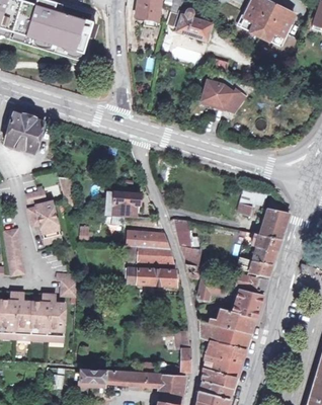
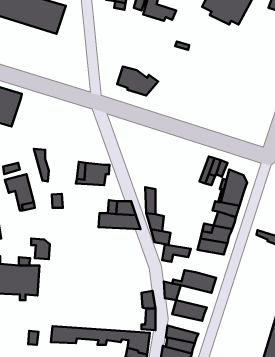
building: [202,81,246,112] -> [117,66,158,95]
building: [126,267,181,286] -> none
building: [234,289,263,316] -> none
building: [213,324,251,348] -> none
building: [206,354,241,377] -> none

